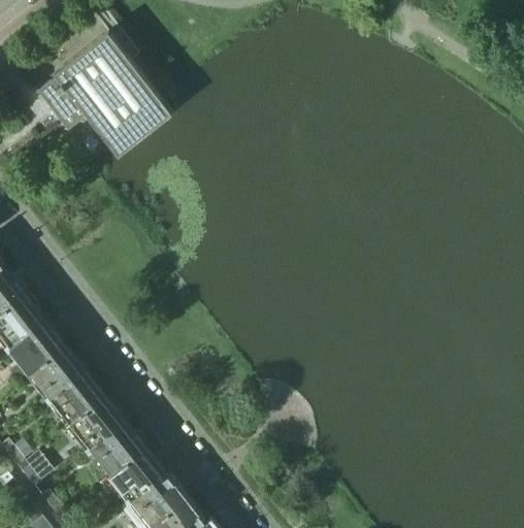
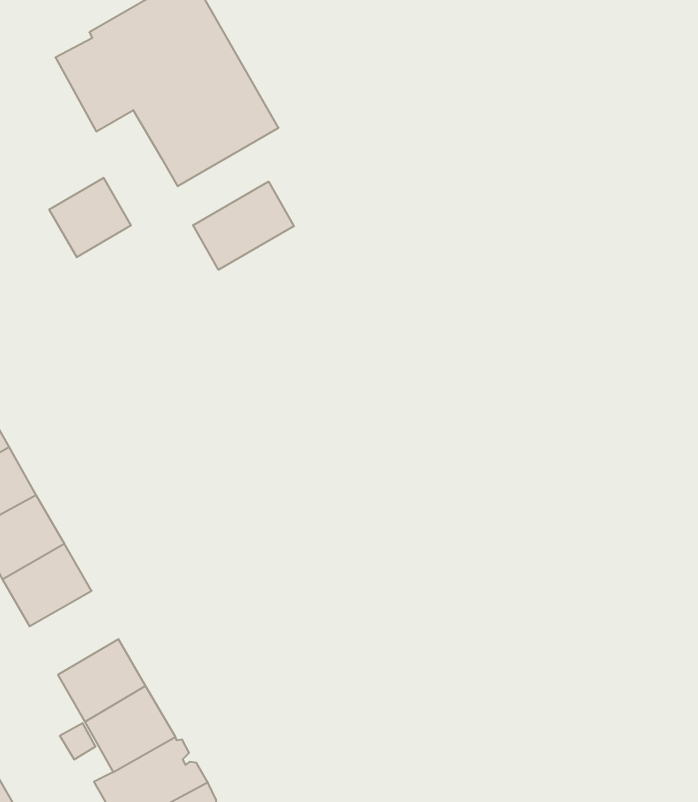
building: none -> [193,182,294,270]
building: none -> [49,178,131,257]
building: [70,397,123,449] -> none

